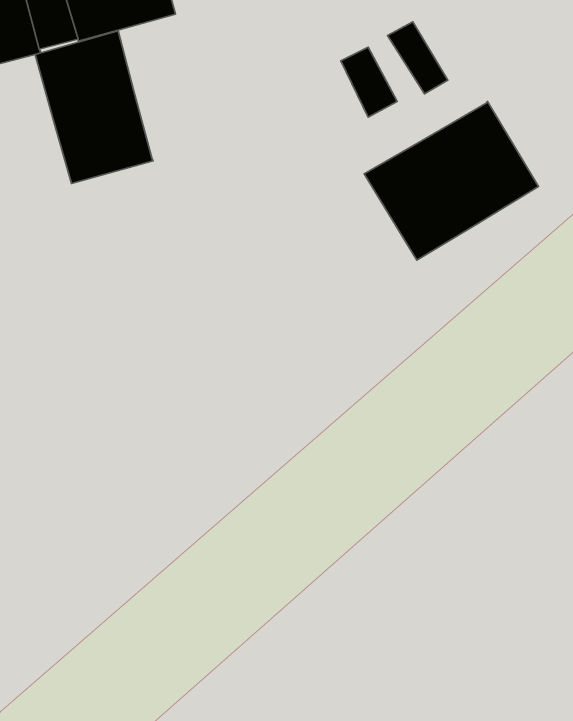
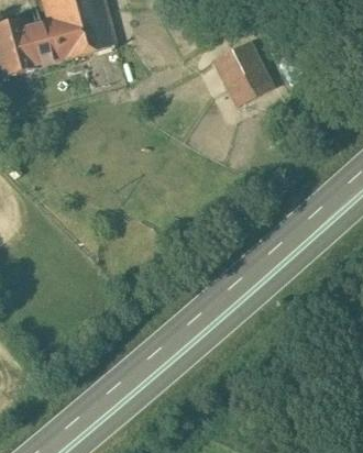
building: [35,31,153,184] -> none
building: [364,102,539,260] -> none

